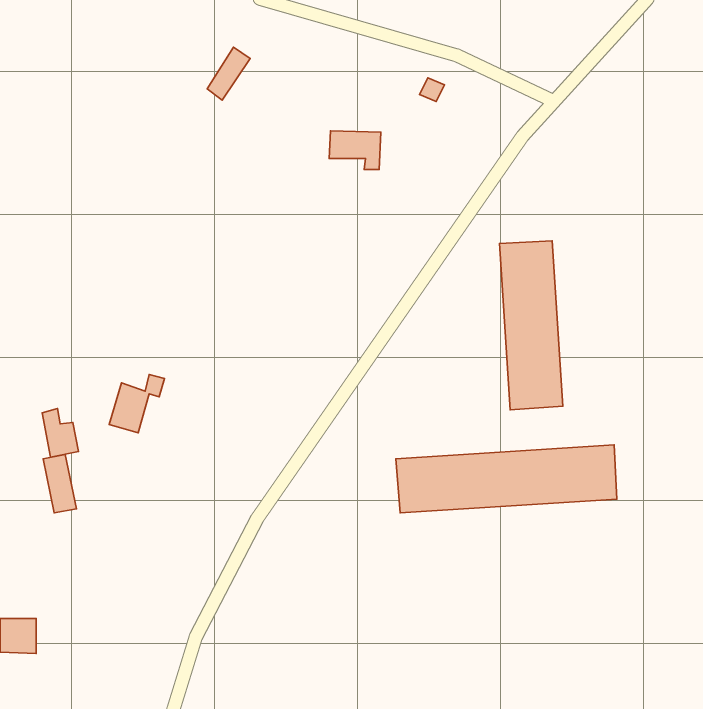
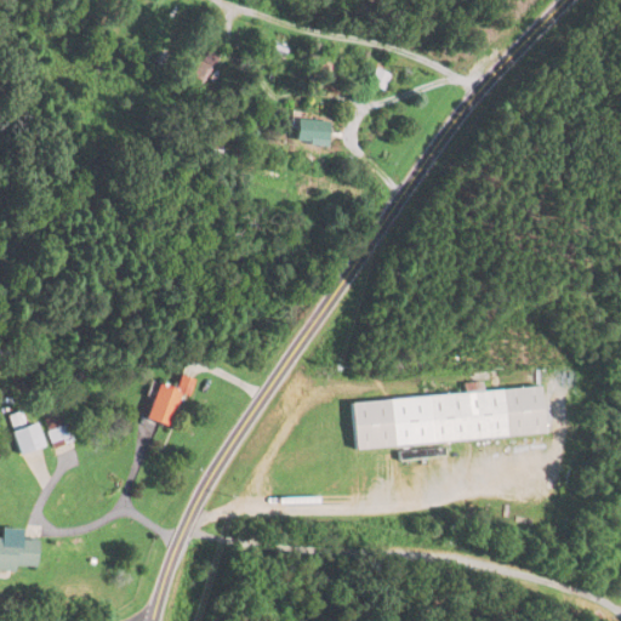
building: [500,241,563,410] -> none
building: [109,374,165,433] -> [148,376,196,427]
building: [42,409,78,457] -> [13,411,45,454]

